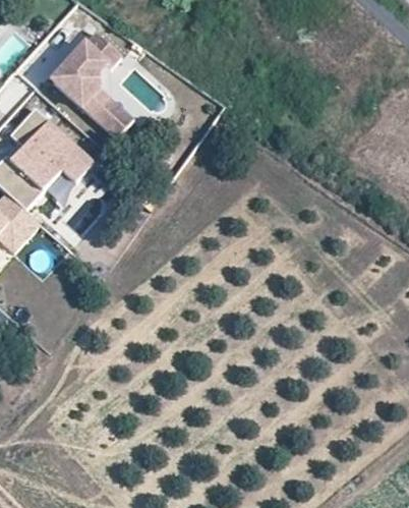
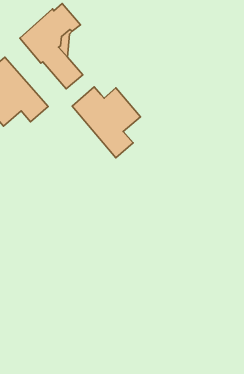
building: none -> [72,87,141,158]

